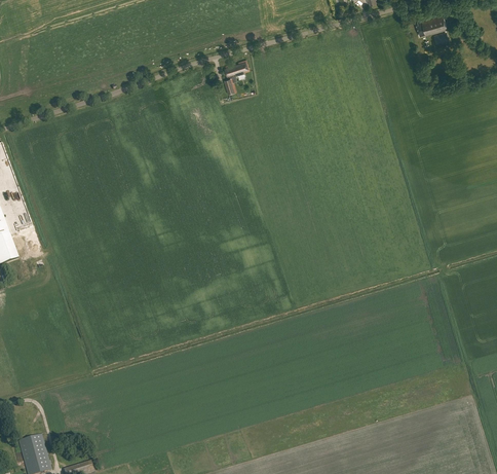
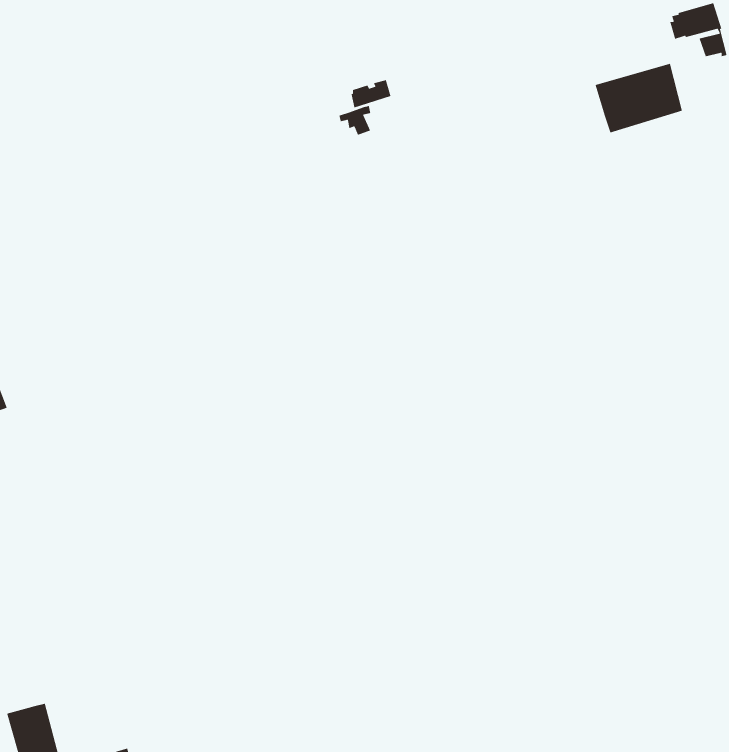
building: none -> [594,63,683,133]

